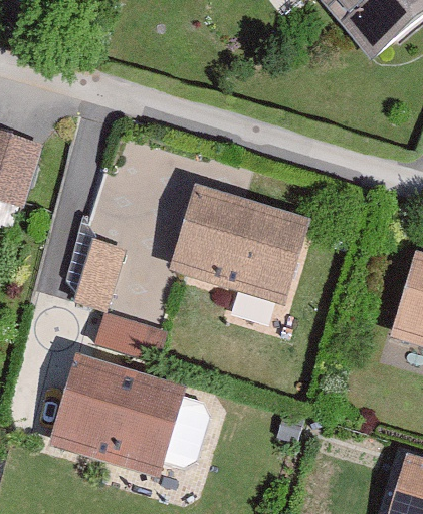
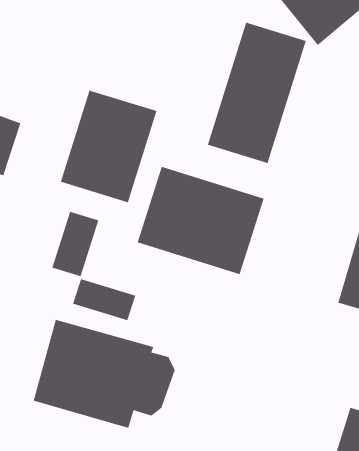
building: none -> [207,22,306,164]
building: none -> [60,90,157,203]

